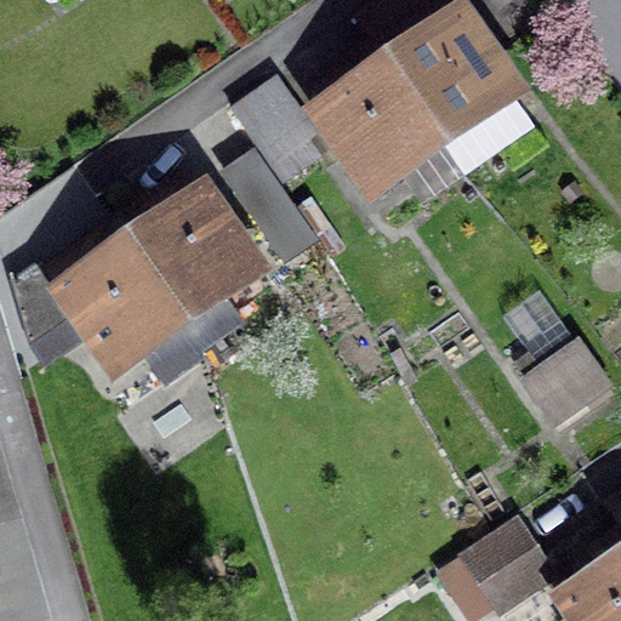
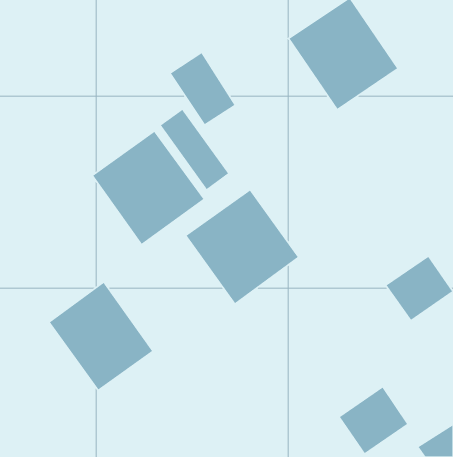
building: [303,51,448,199] -> none
building: [50,233,188,377] -> [49,282,153,391]
building: none -> [186,190,299,304]

